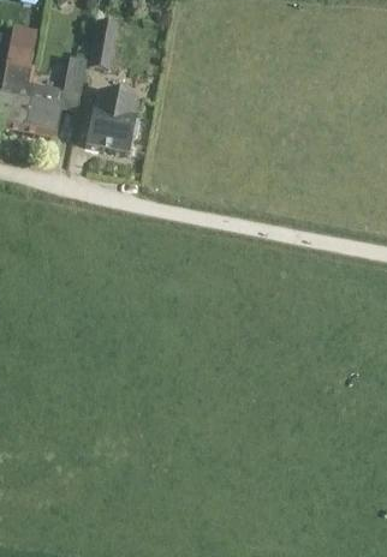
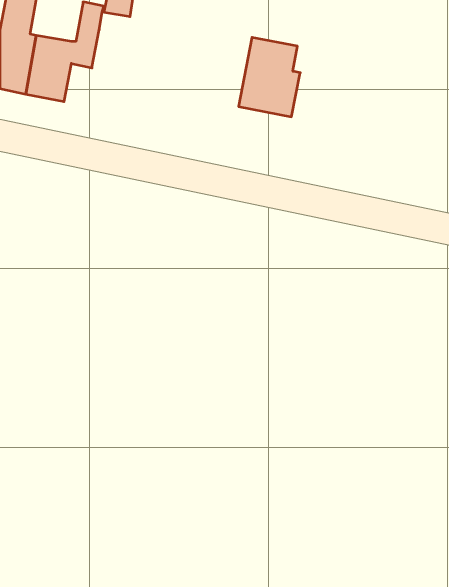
building: [88,86,138,151] -> [239,37,300,117]

